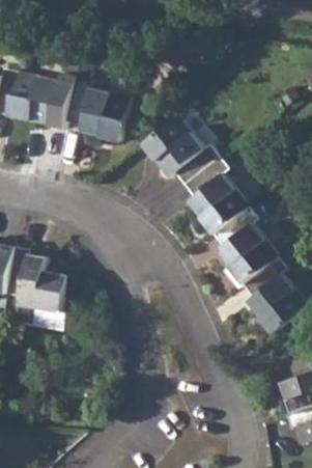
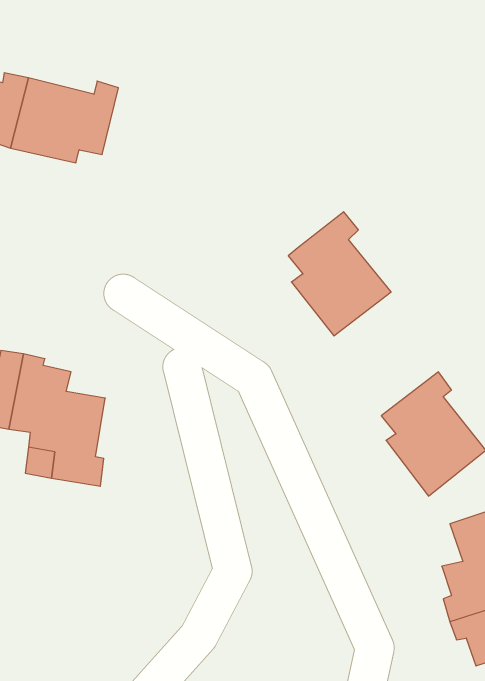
building: [65,77,131,142] -> none
building: [141,115,219,184] -> none
building: [212,207,279,290] -> none

